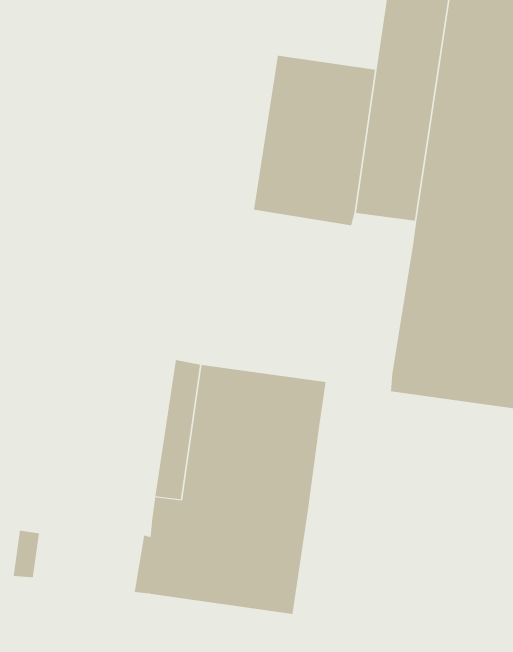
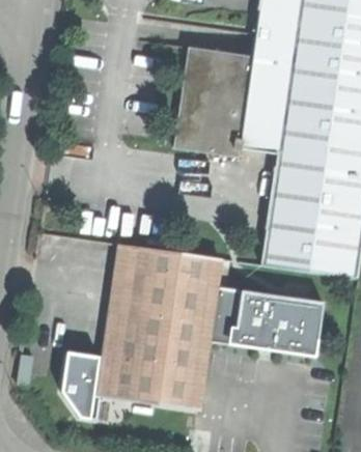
building: none -> [209,285,323,356]
building: none -> [61,351,104,417]

